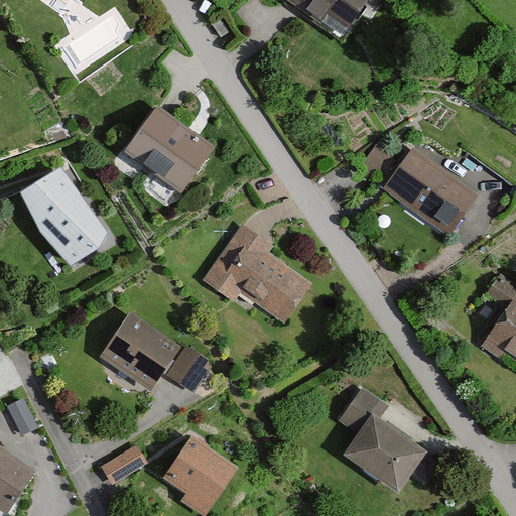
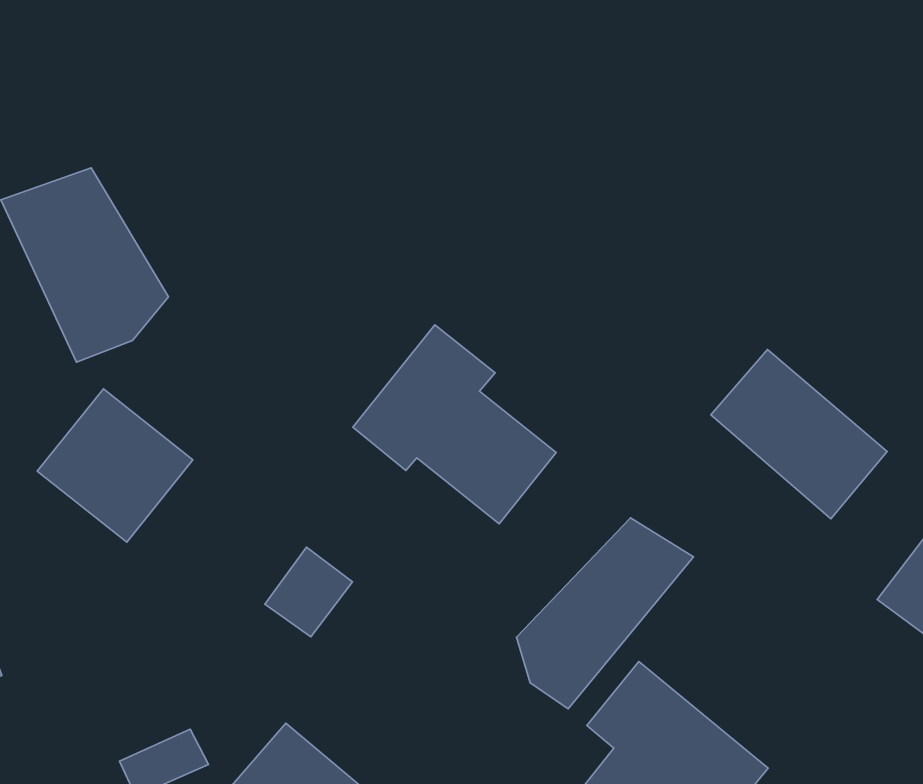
building: [120,107,209,192] -> none
building: [385,151,477,234] -> [711,349,887,519]
building: [101,312,179,389] -> [37,389,193,542]
building: none -> [517,518,694,709]

